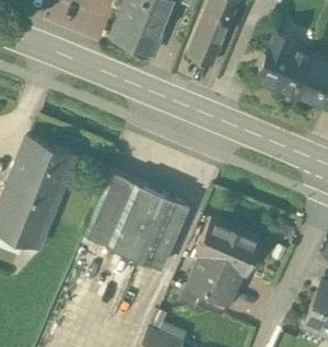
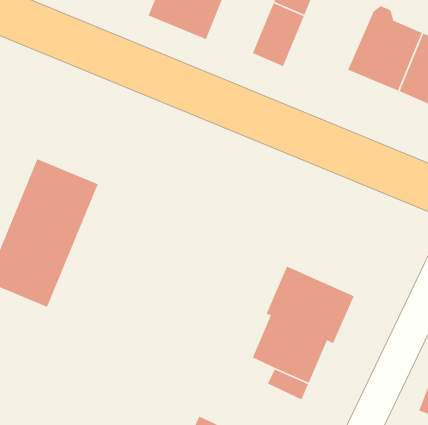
building: [82,170,187,268] -> none

